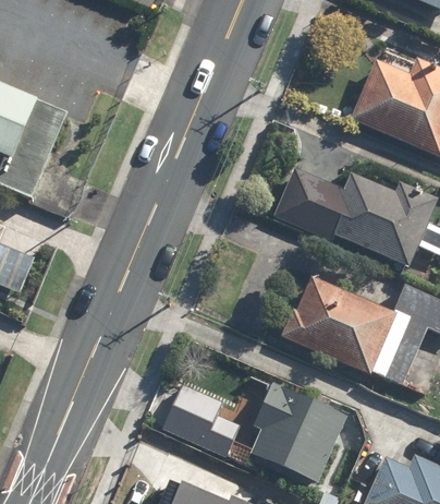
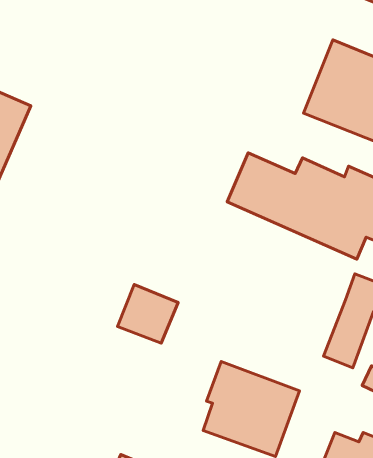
building: [283,280,399,374] -> none
building: [162,383,225,444] -> [117,285,178,343]

